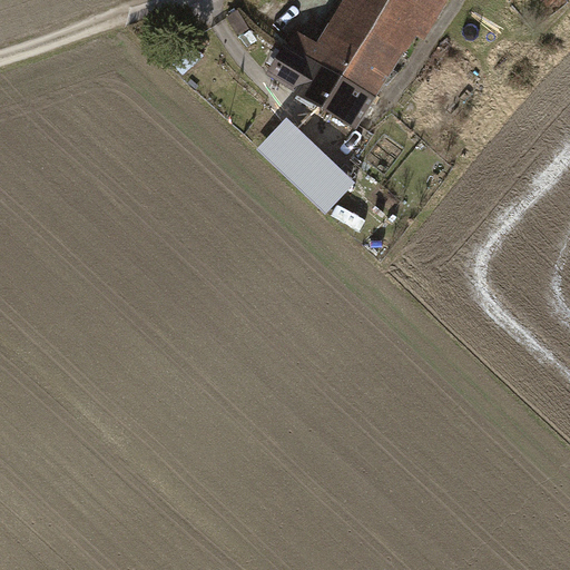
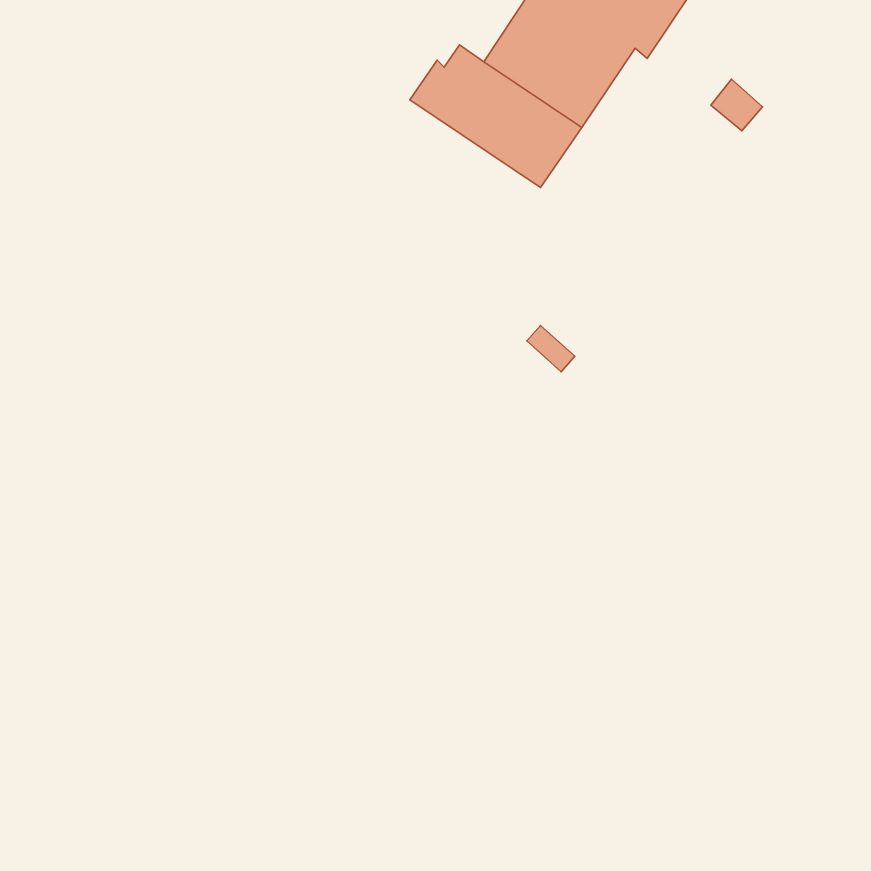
building: [261,121,351,207] -> none

